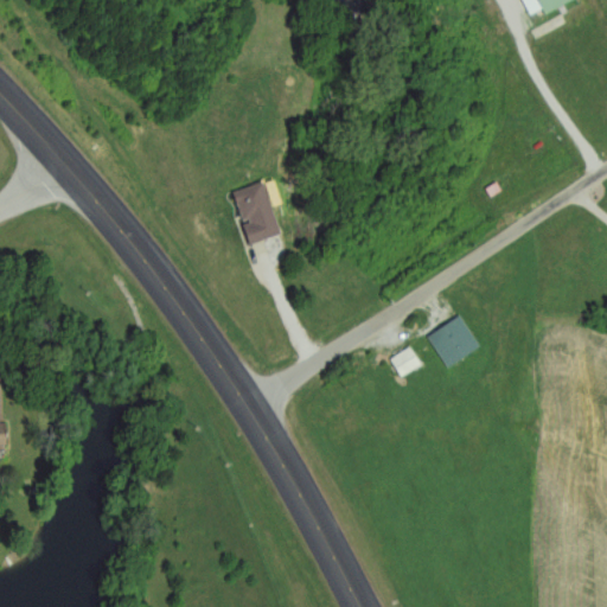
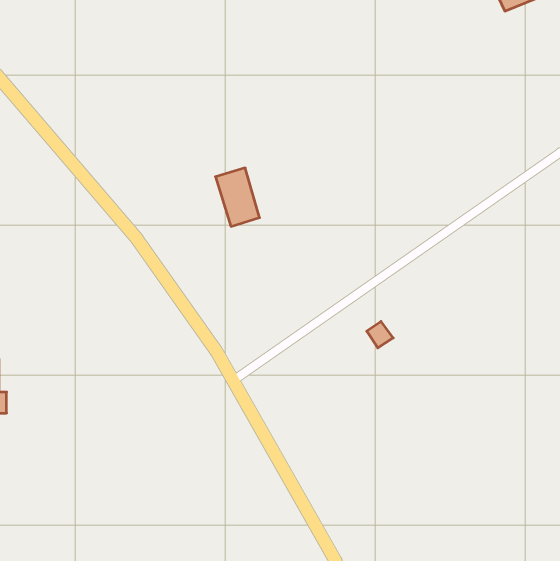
building: [428,314,479,365] -> none

